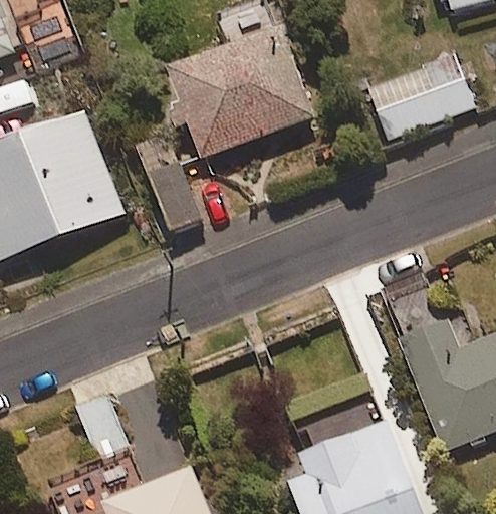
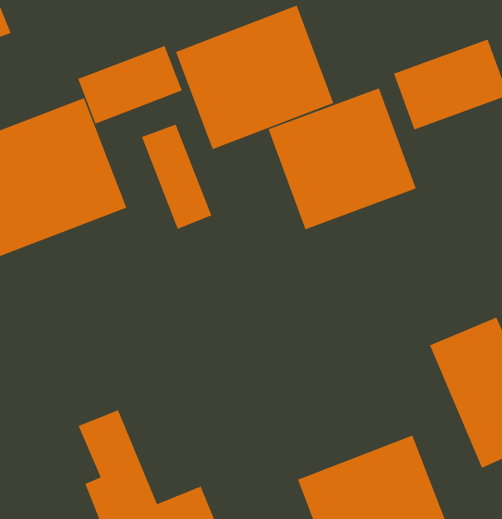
building: none -> [77,45,182,124]
building: none -> [268,87,416,230]

